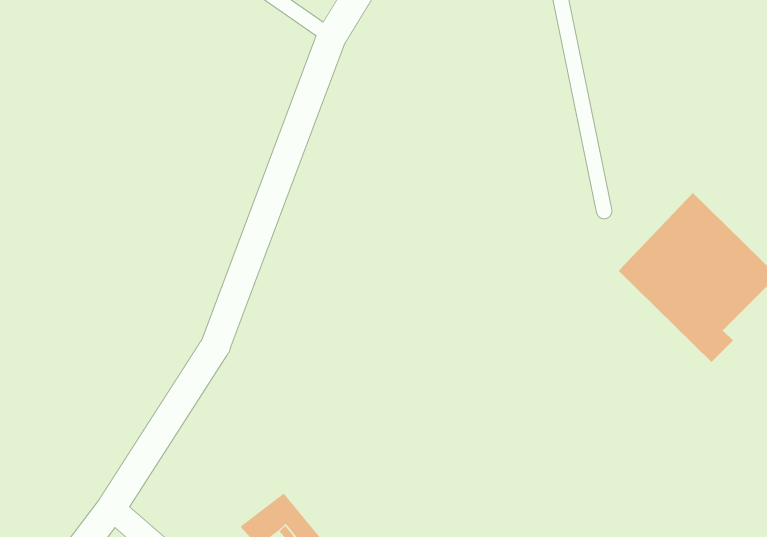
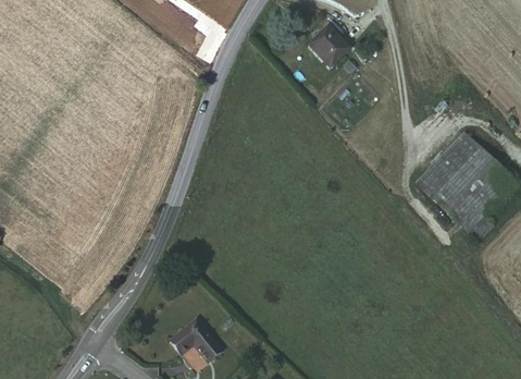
building: none -> [302,25,345,68]

